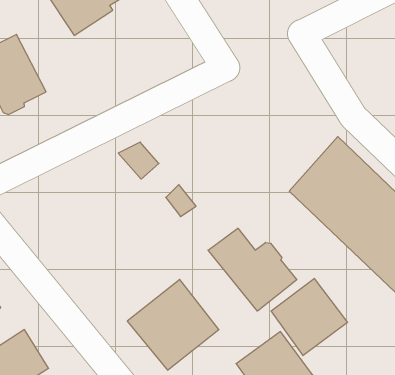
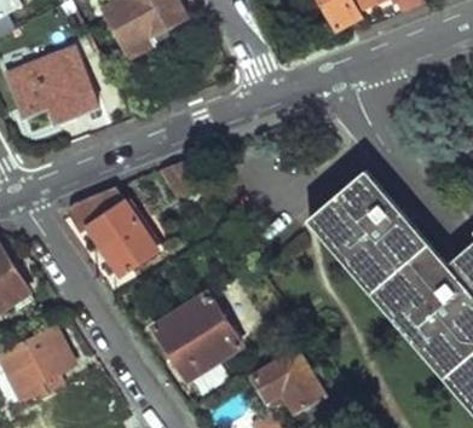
building: none -> [67,187,154,273]
building: [208,228,297,311] -> none
building: [271,278,348,356] -> none

